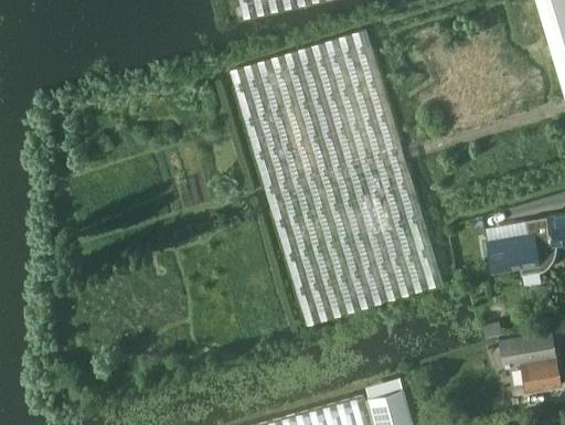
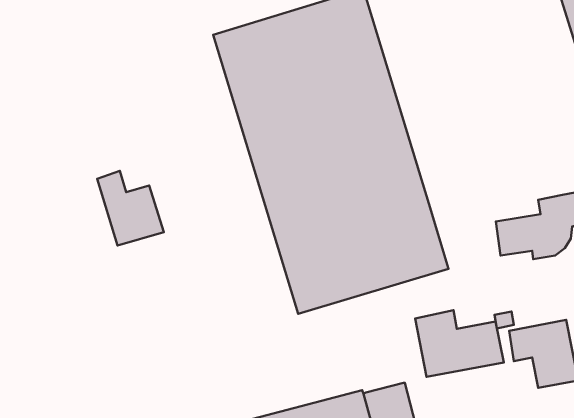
building: none -> [97,171,164,246]
building: none -> [415,310,504,377]

